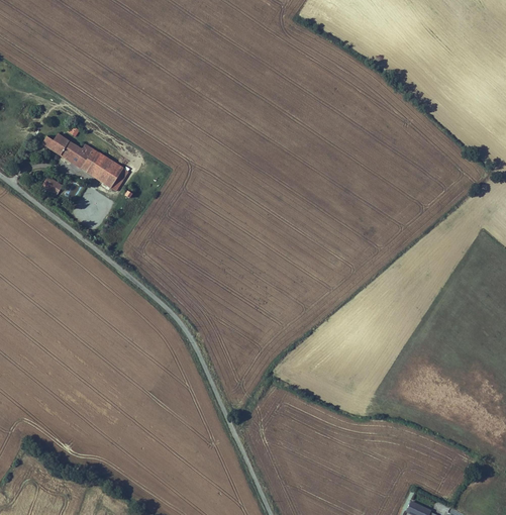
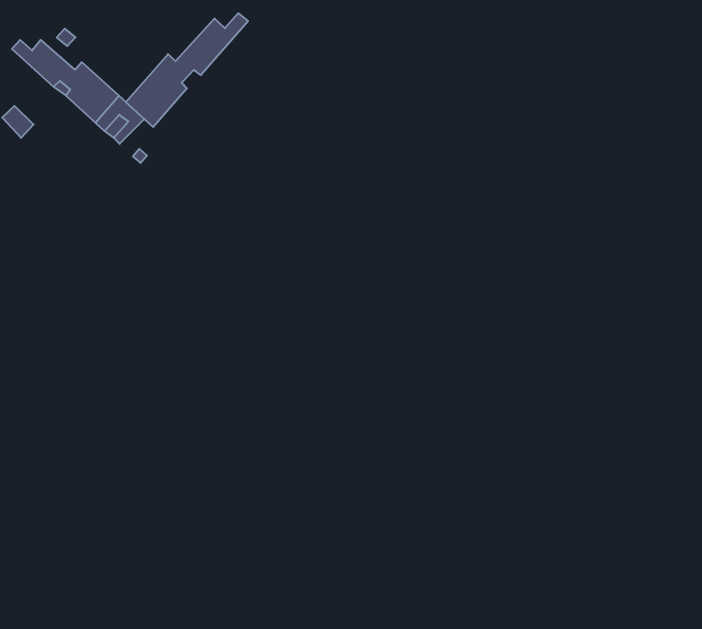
building: none -> [126,13,248,127]

